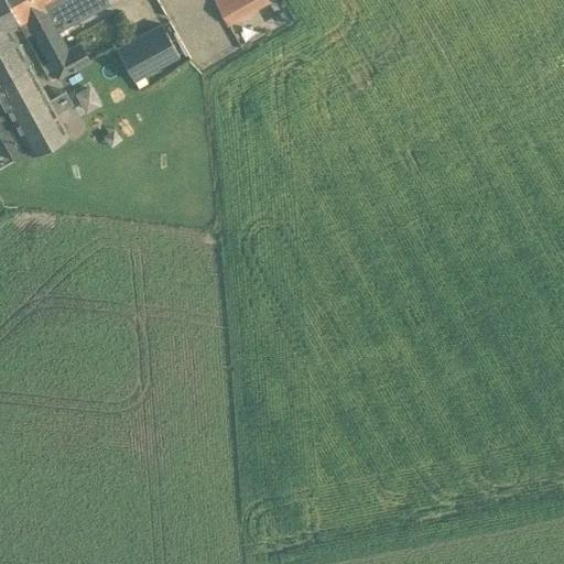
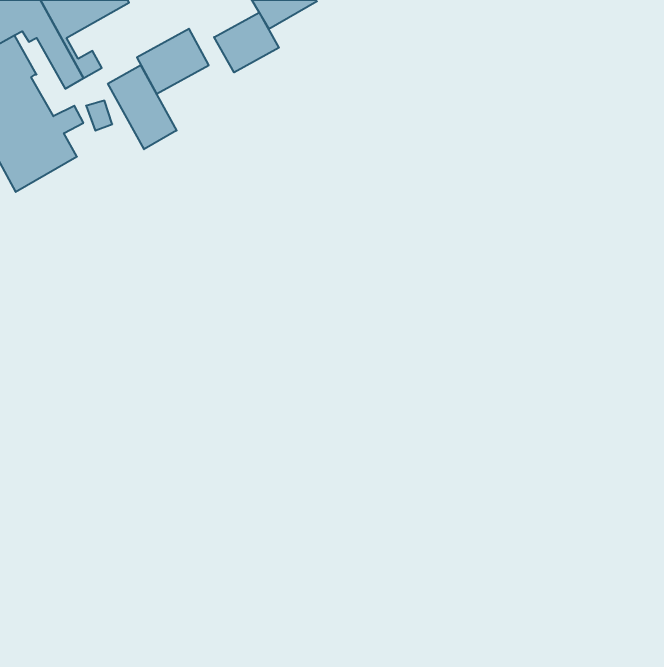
building: none -> [214,12,279,72]
building: none -> [108,65,177,149]

